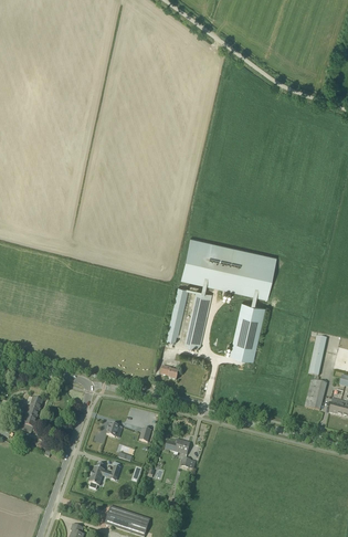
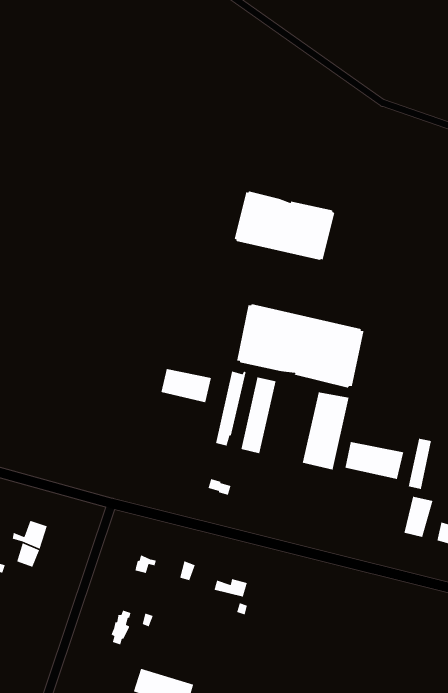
building: none -> [234,191,335,261]
building: none -> [161,368,212,403]
building: none -> [344,441,404,480]

